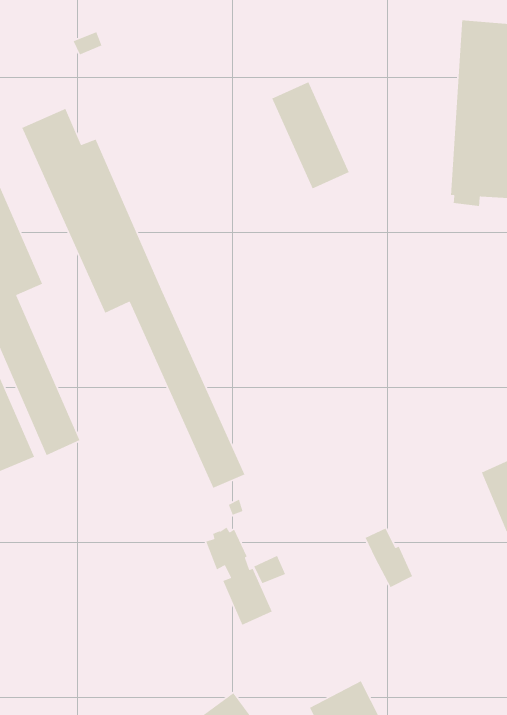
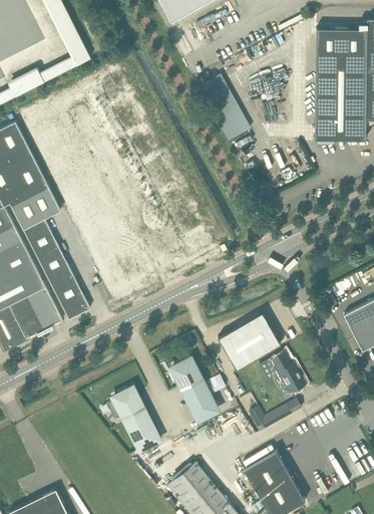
building: [21,108,246,489] -> none
building: none -> [218,312,281,369]
building: none -> [114,388,159,449]
building: none -> [249,405,292,431]

